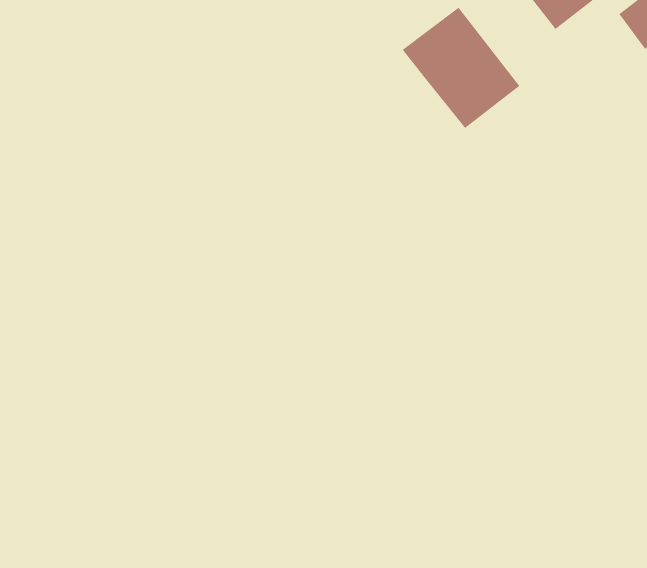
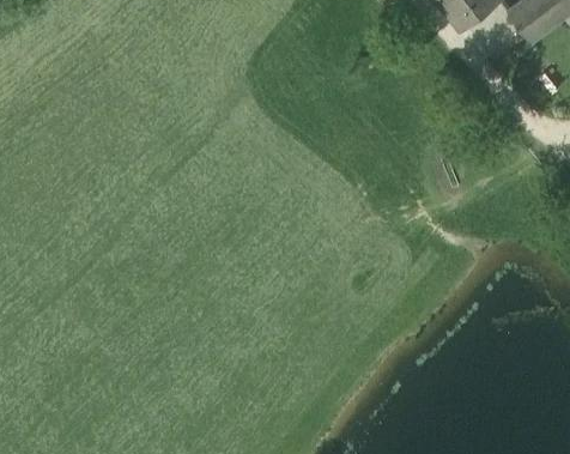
building: [402,7,520,129] -> none

